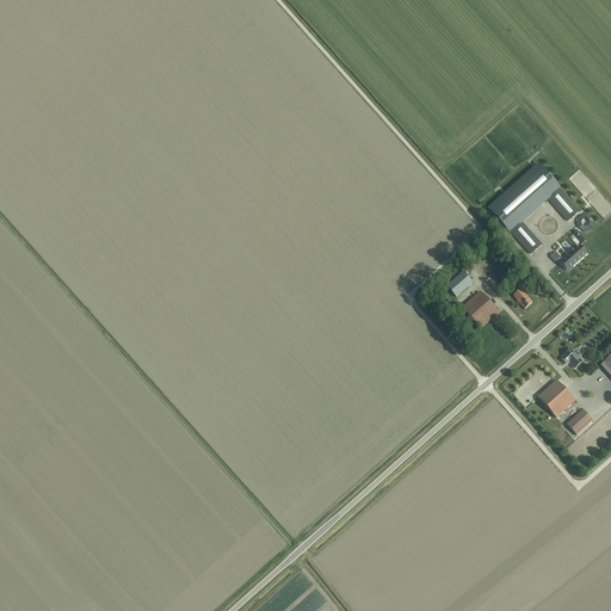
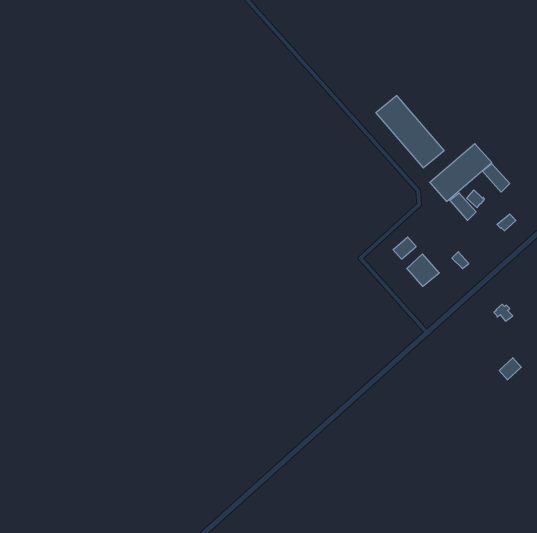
building: none -> [376,96,444,168]
building: [537,378,574,415] -> none

